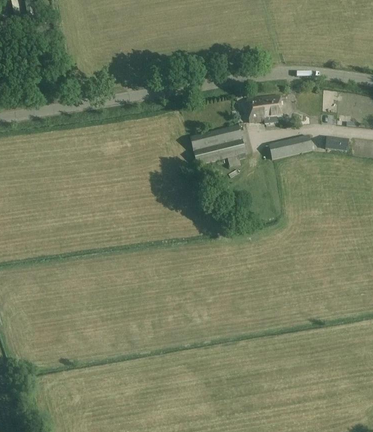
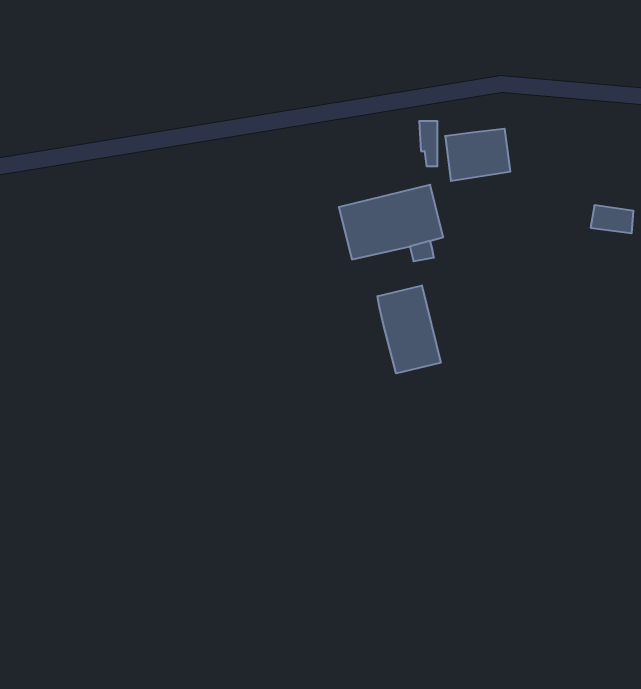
building: [270,135,314,159] -> none
building: none -> [377,285,441,373]

